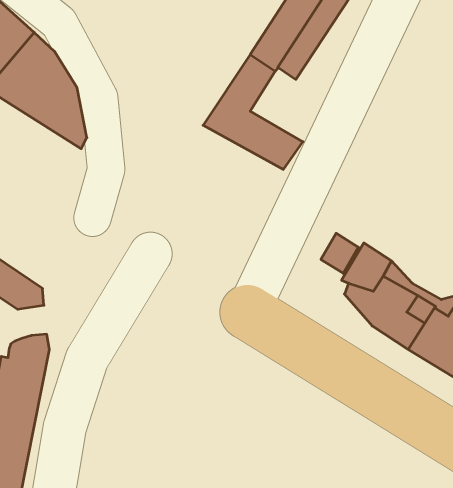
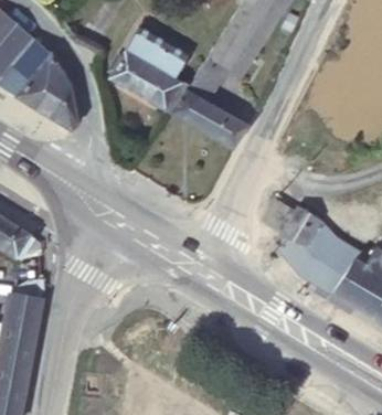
building: none -> [108,28,185,108]

